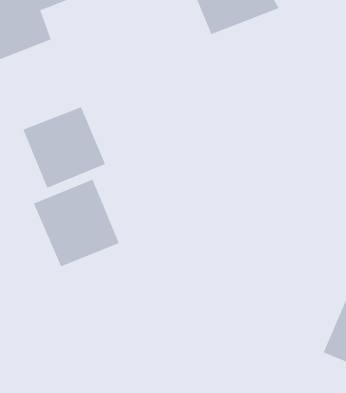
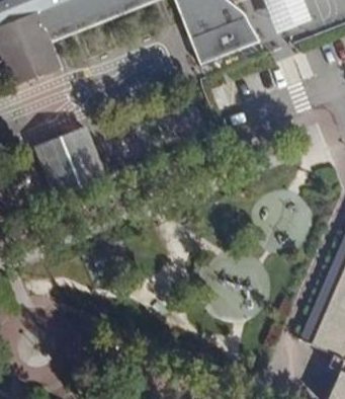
building: [33,179,119,267] -> none

